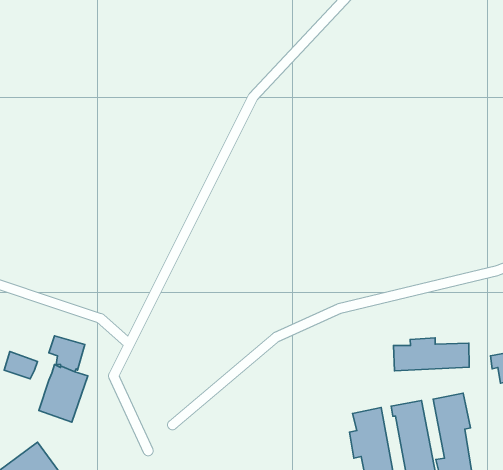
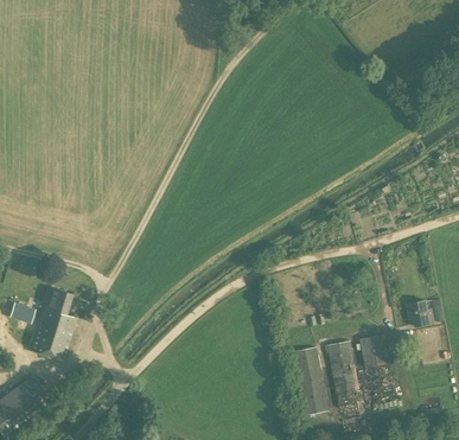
building: [394,338,469,371] -> none

